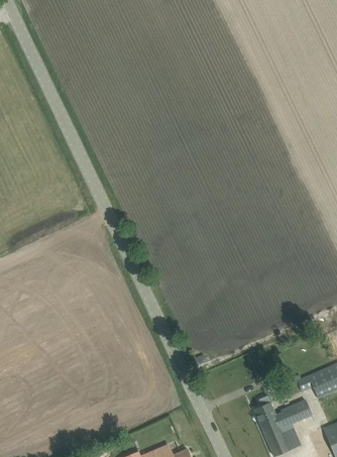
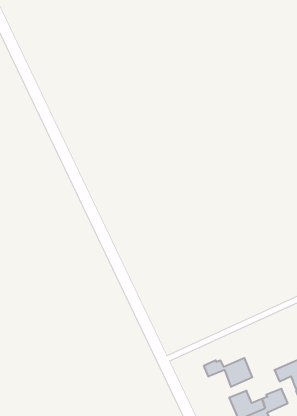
building: none -> [204,358,252,387]

